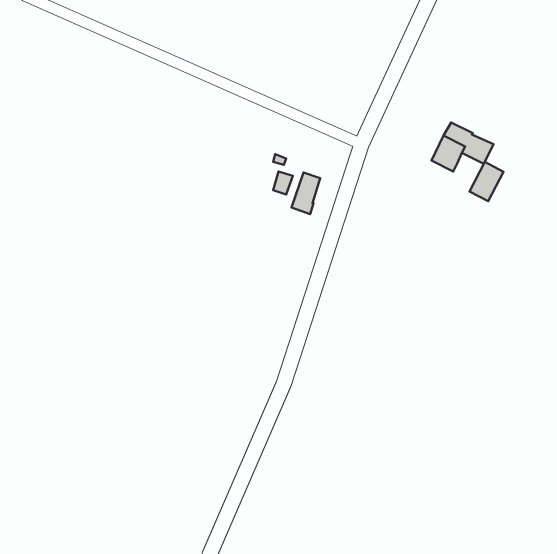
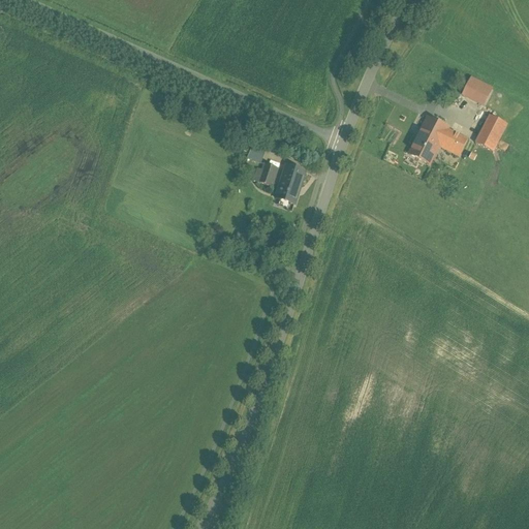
building: none -> [463,74,495,98]
building: [470,162,503,201] -> [474,113,506,150]

